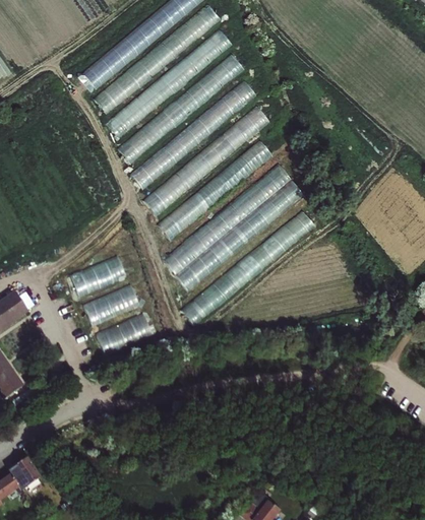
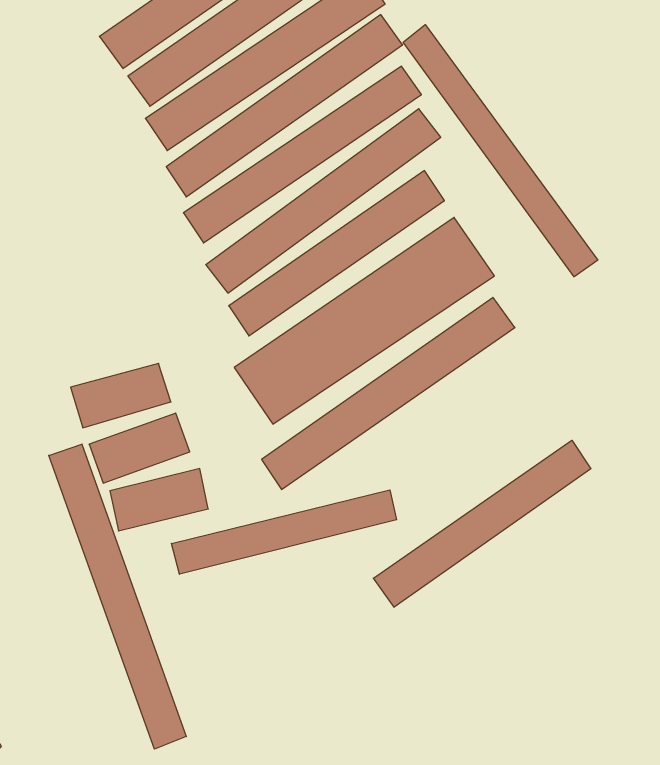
building: none -> [403,25,598,277]
building: none -> [373,440,591,607]
building: none -> [49,444,186,749]
building: none -> [171,490,397,574]

